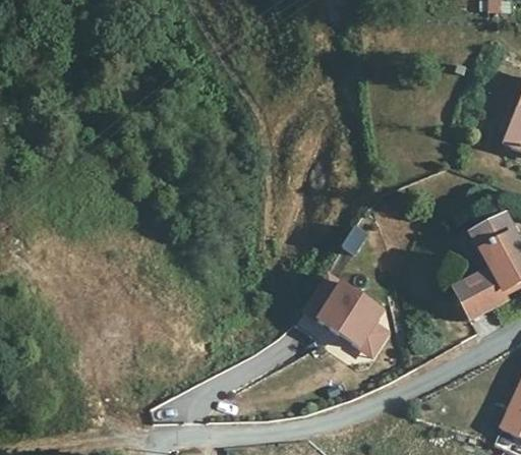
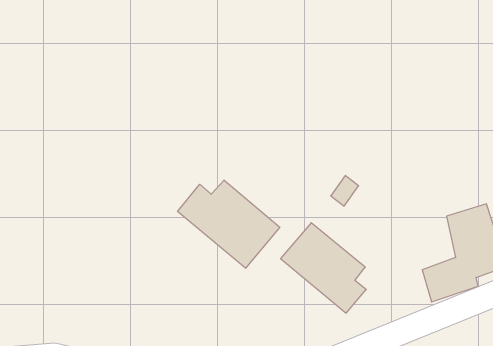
building: none -> [178,180,280,268]

